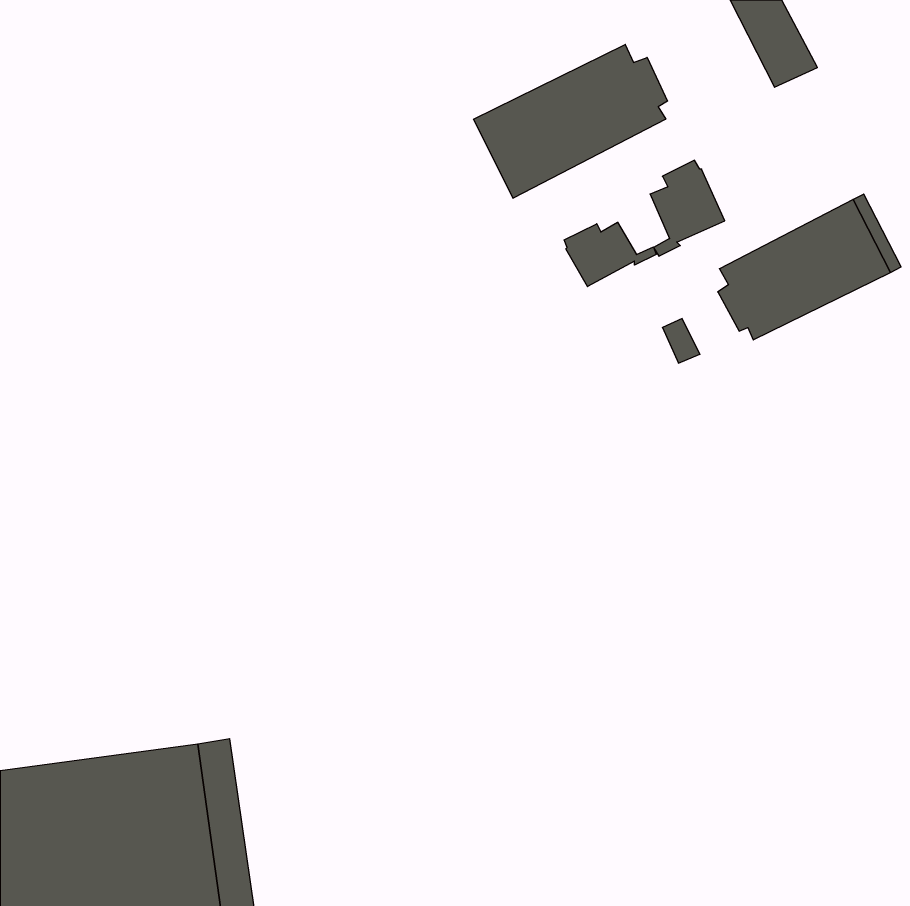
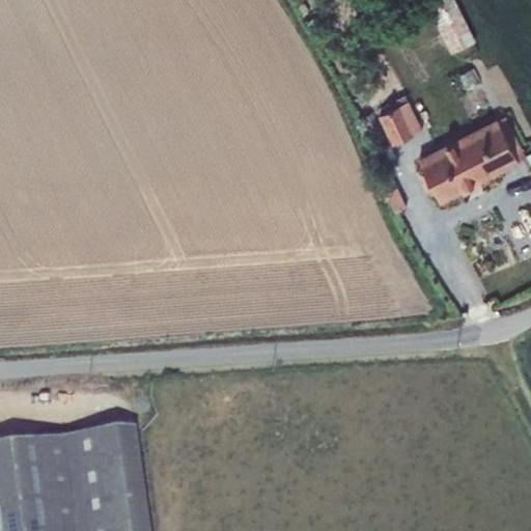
building: [474,44,667,198] -> none
building: [564,222,656,287] -> none

